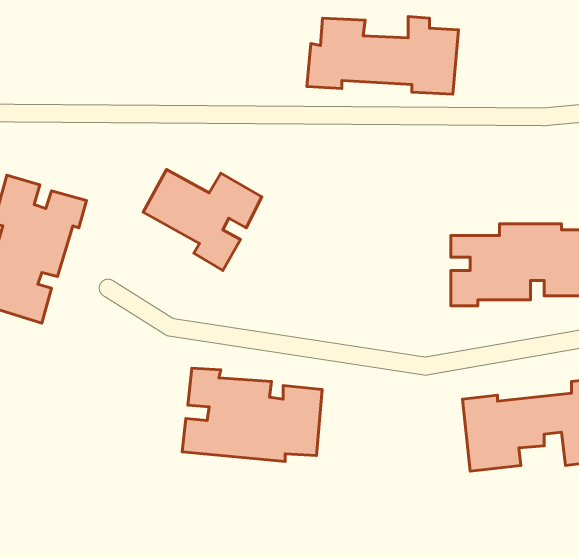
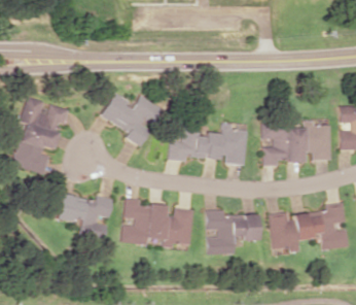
building: [307,16,459,94] -> [168,124,248,165]
building: none -> [58,195,114,238]
building: none -> [206,210,259,256]

